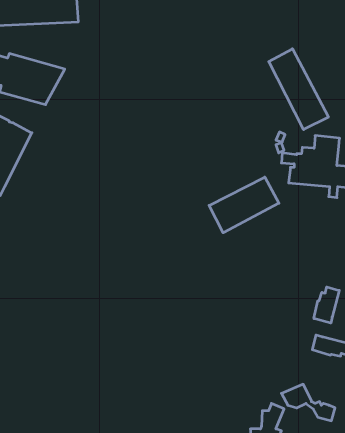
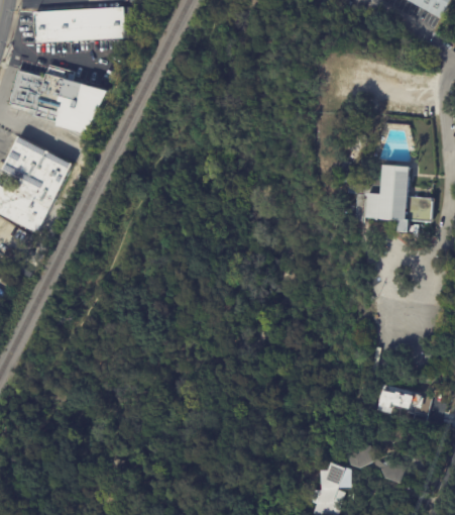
building: [269,49,328,130] -> none
building: [209,177,279,233] -> none
building: [314,287,339,323] -> none

